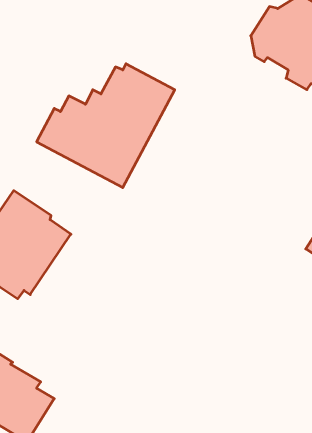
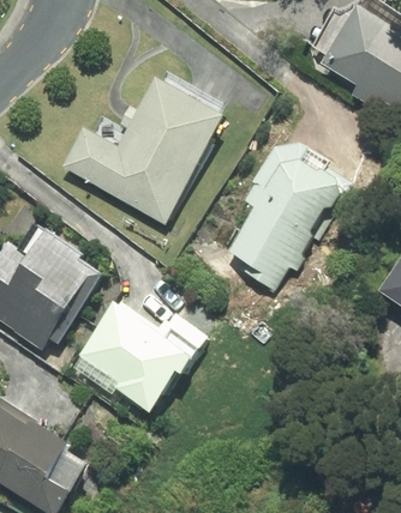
building: none -> [227,144,354,290]
building: none -> [76,303,209,410]

